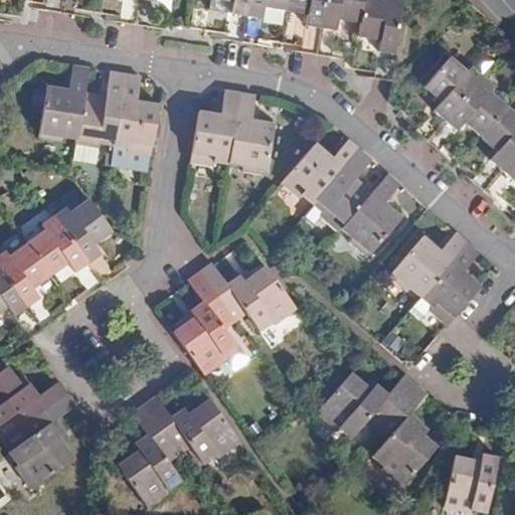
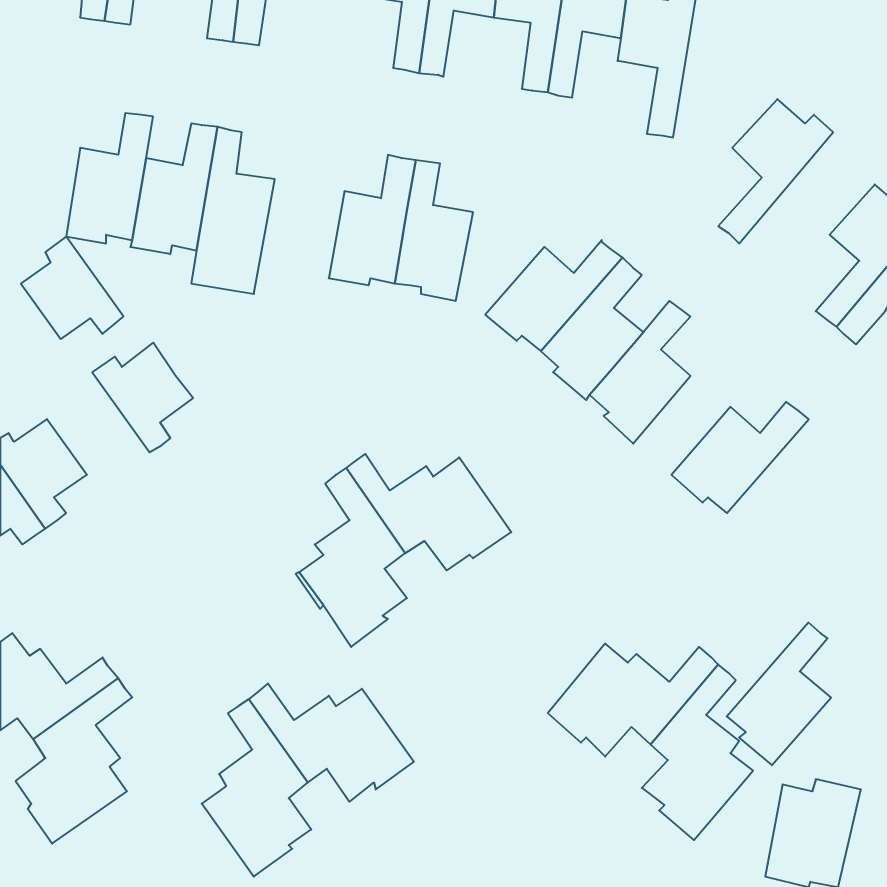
building: [428,76,507,151] -> none
building: [28,215,88,275] -> [21,237,123,339]
building: [421,242,482,325] -> [727,623,831,765]

